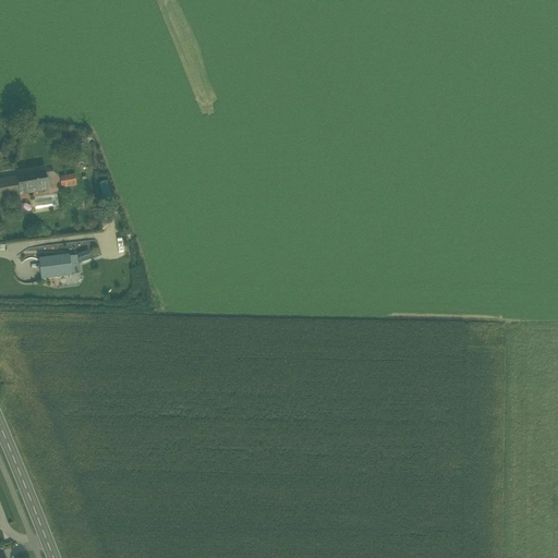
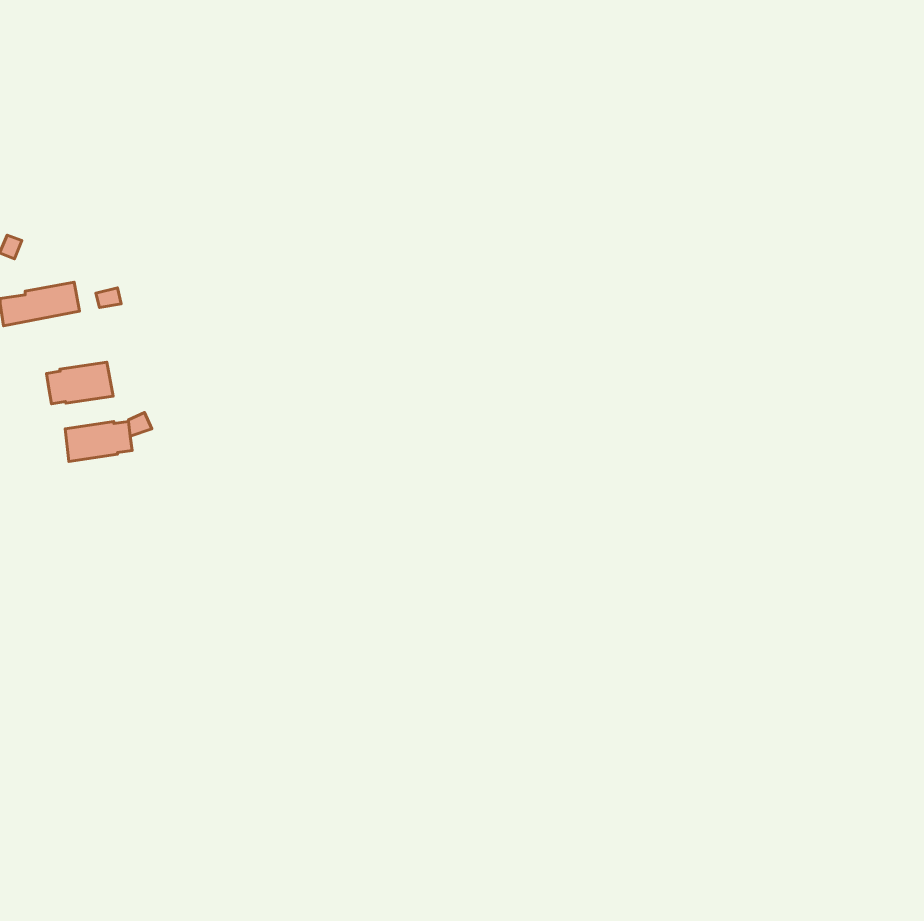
building: none -> [46,362,113,404]

